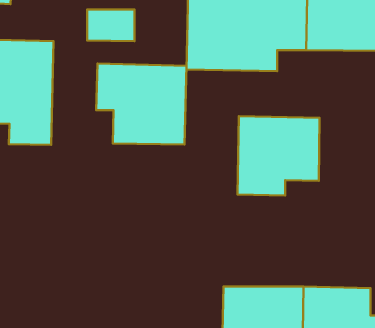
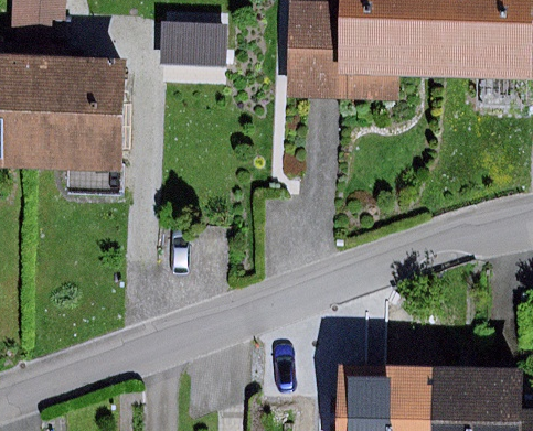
building: [96,63,187,145] -> none
building: [237,116,320,195] -> none

